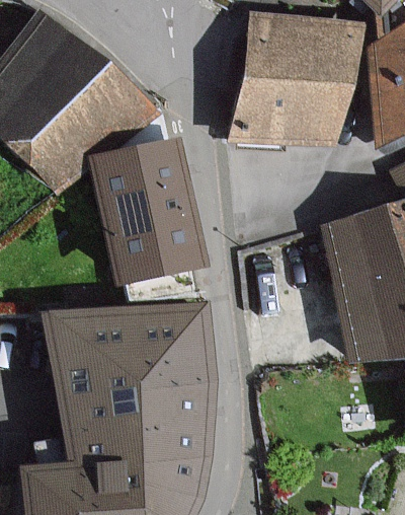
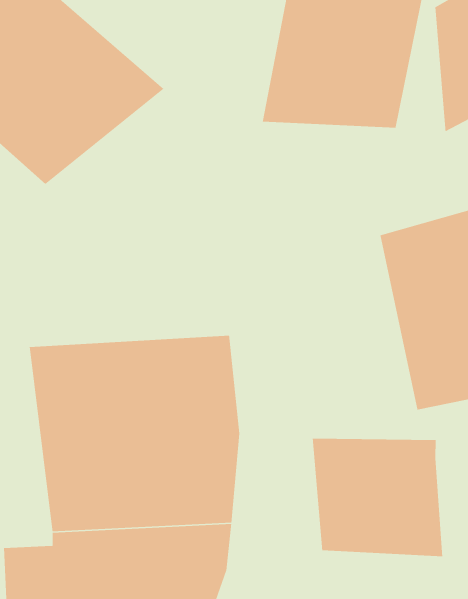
building: [104,148,198,284] -> none
building: none -> [312,438,443,557]

